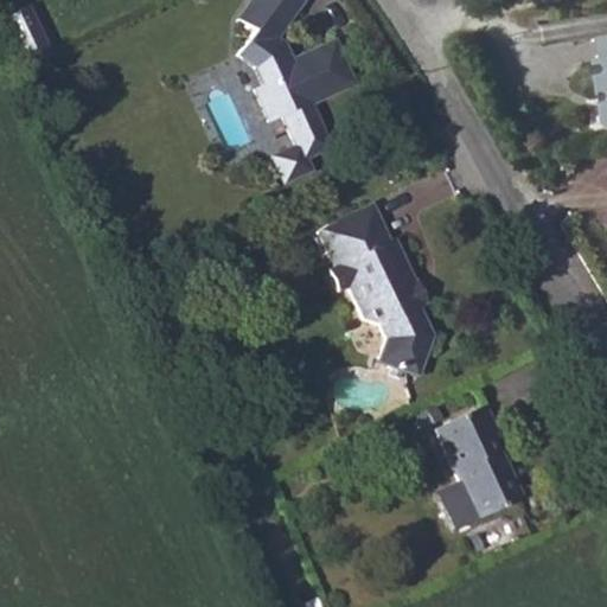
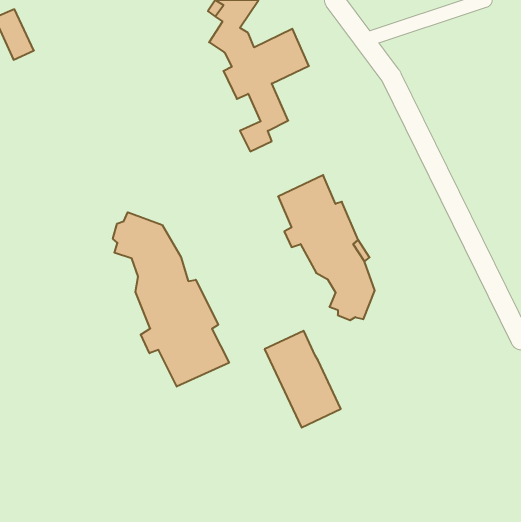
building: none -> [113,212,229,387]
building: [427,407,515,518] -> [265,331,341,428]

